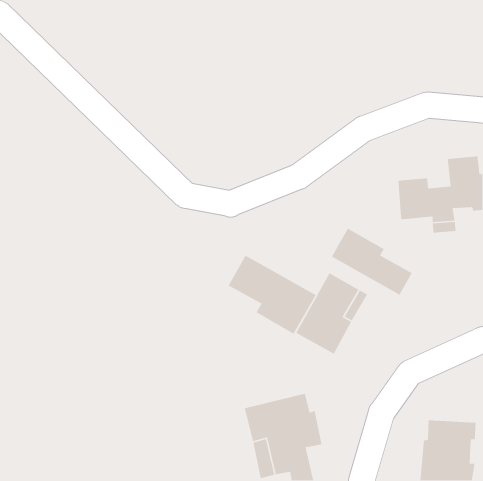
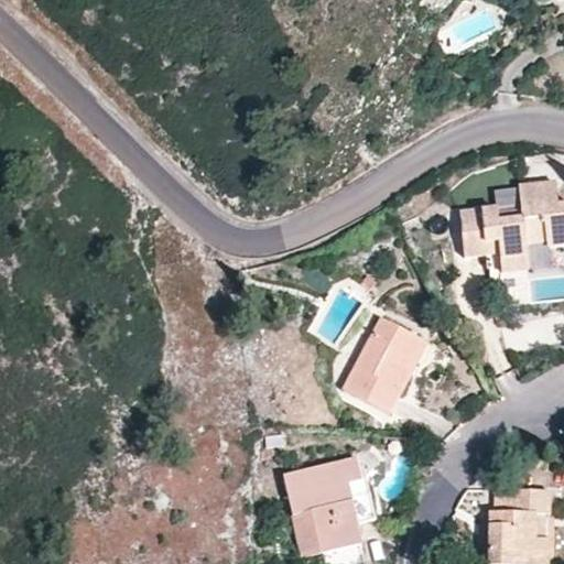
building: [331,227,413,296] -> none
building: [227,254,317,335] -> none

